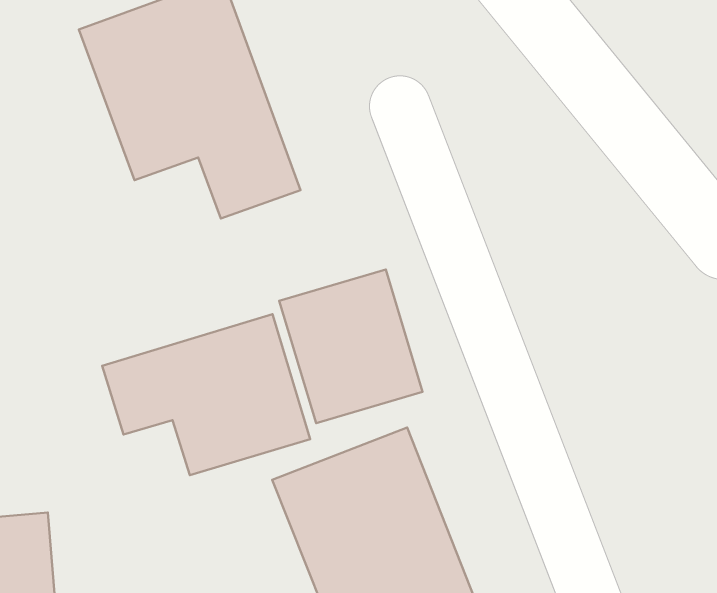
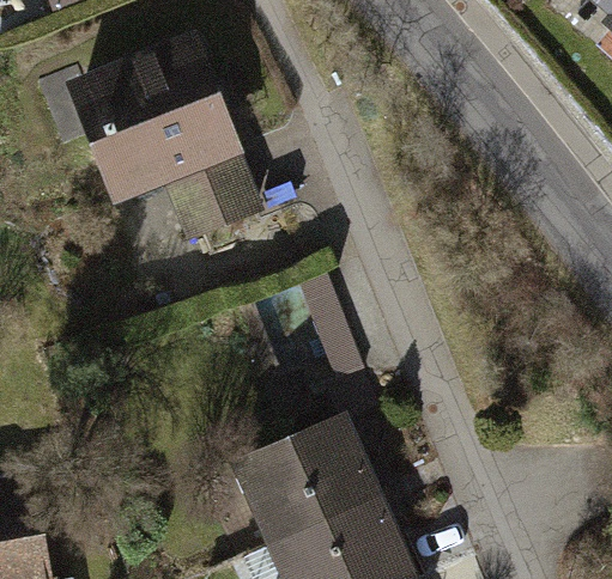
building: [102,314,310,475] -> none

